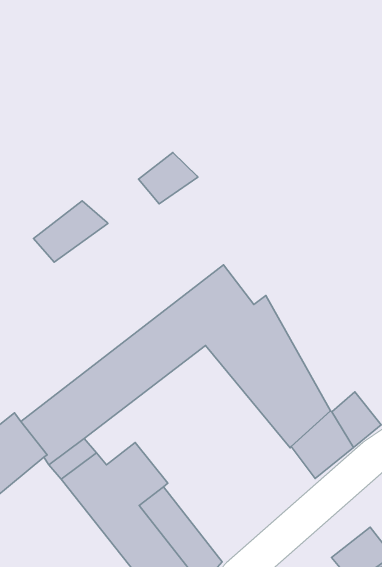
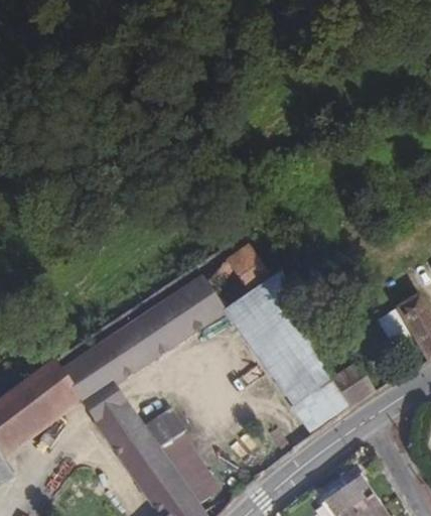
building: [138,153,198,204] -> none
building: [34,201,108,262] -> none

